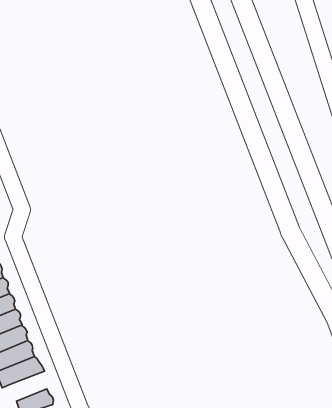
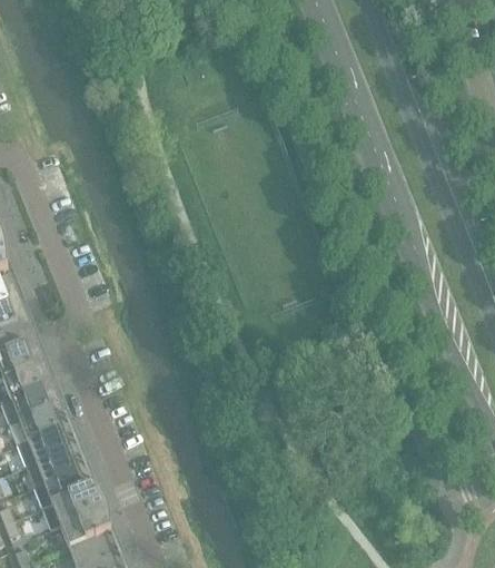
building: none -> [59,517,109,557]

